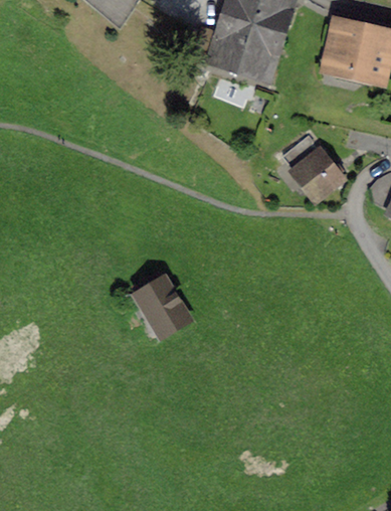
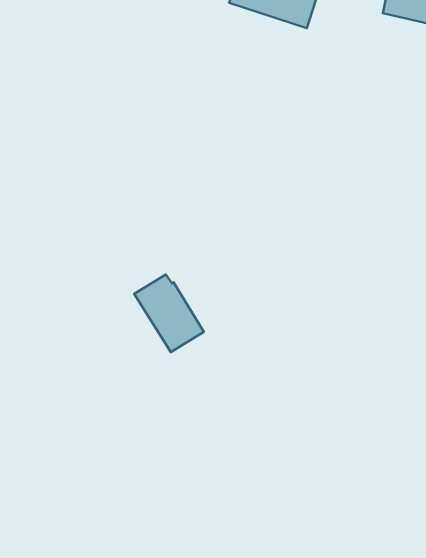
building: [295,148,343,196] -> none

